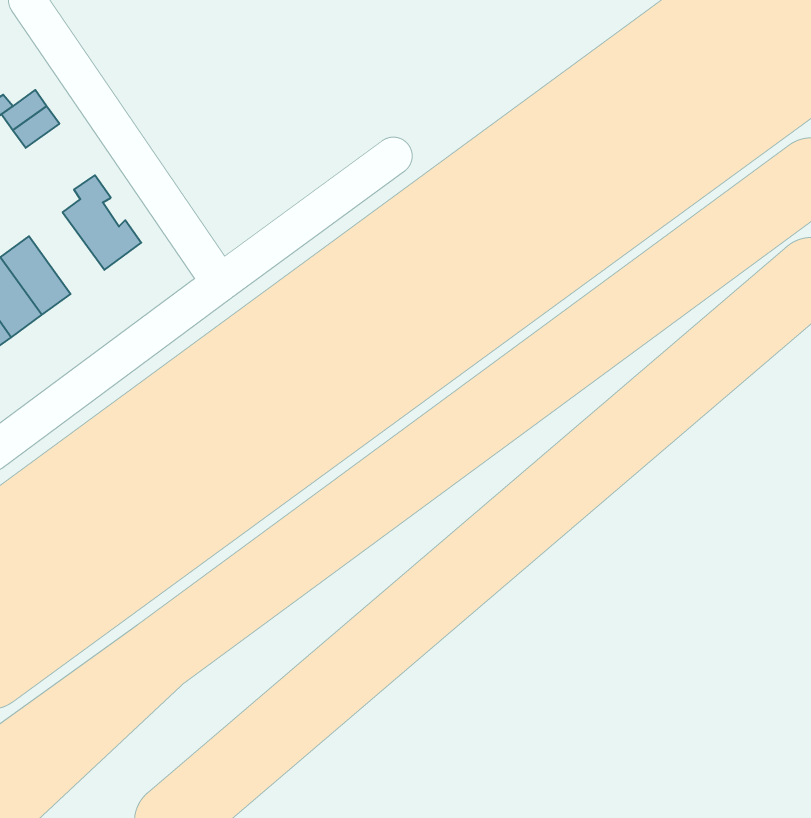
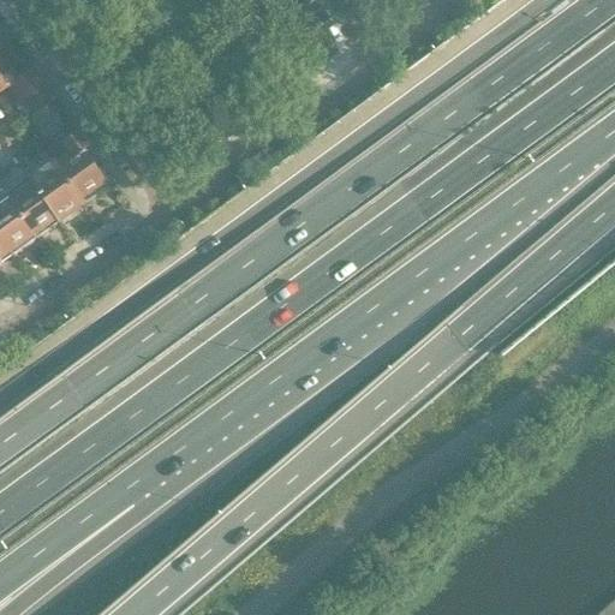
building: none -> [22,161,78,222]

